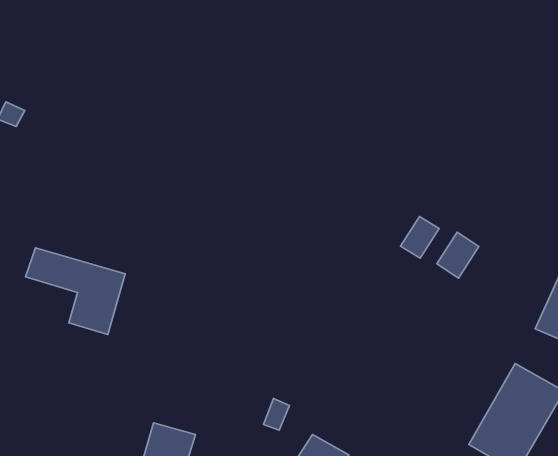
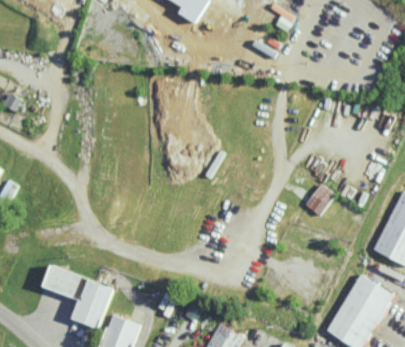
building: [401,217,439,258] -> none
building: [25,248,125,335] -> [43,267,112,327]

